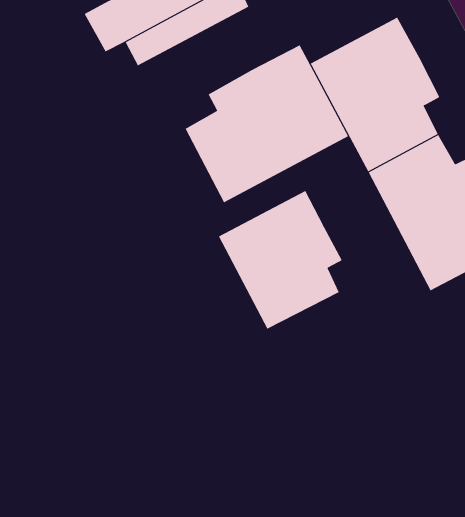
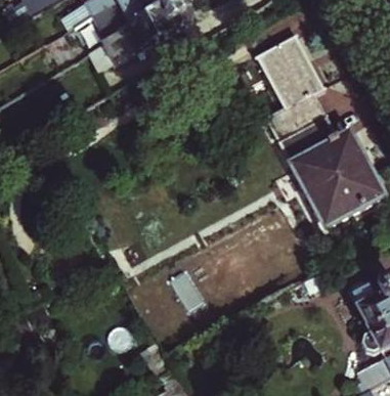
building: [185,45,349,203] -> none
building: [218,190,342,329] -> none

